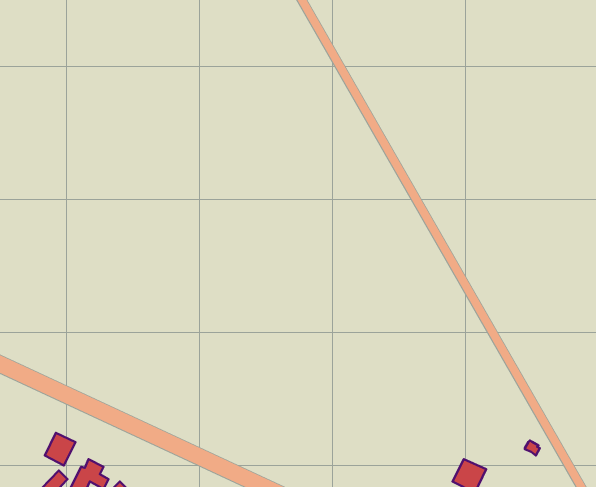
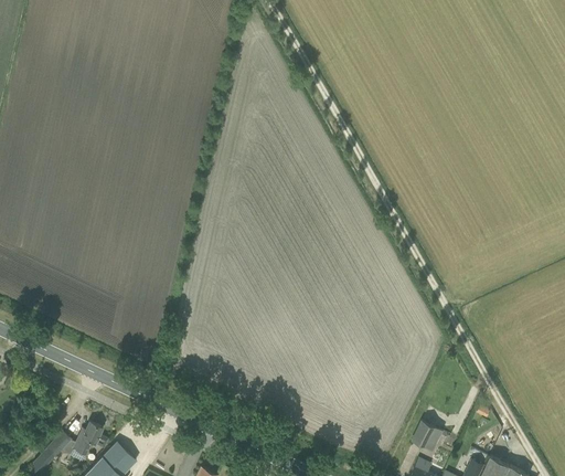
building: [45,433,75,465] -> none

